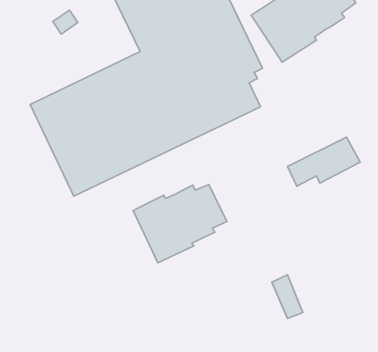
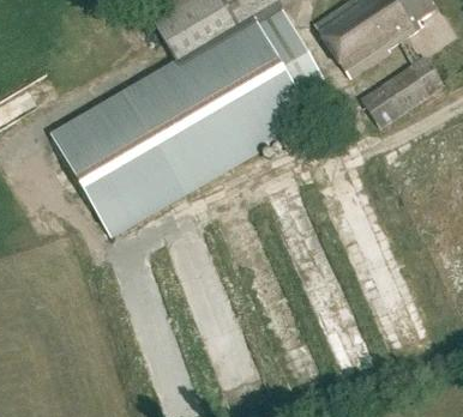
building: [288,137,360,186] -> [360,58,444,114]
building: [133,184,227,263] -> none

